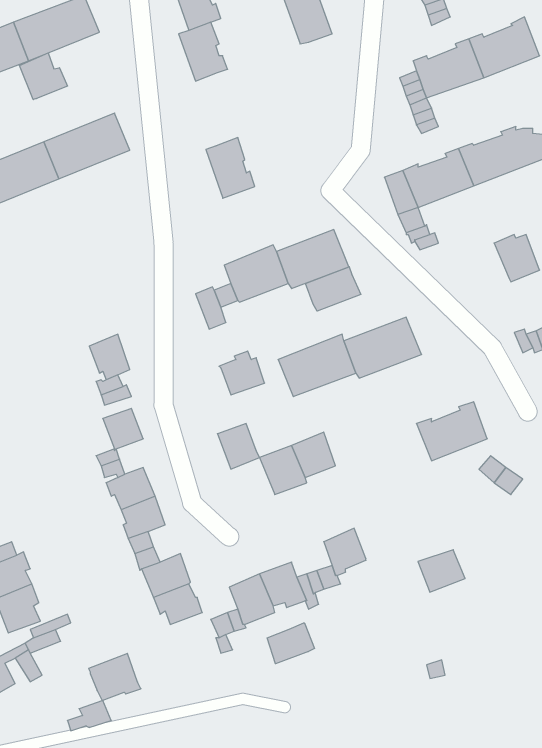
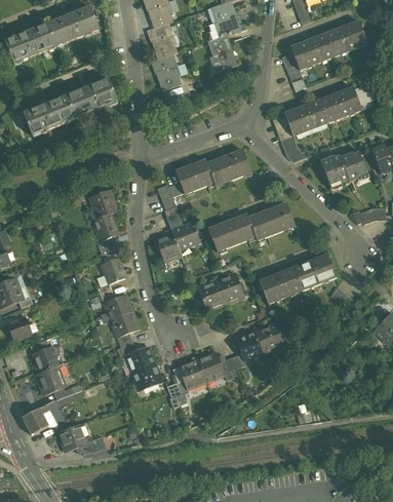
building: none -> [208,35,237,72]
building: [20,53,67,100] -> none
building: [206,138,255,198] -> [152,53,182,90]
building: none -> [320,155,349,186]
building: [305,267,361,311] -> none
building: none -> [91,189,117,218]
building: [217,424,260,469] -> [156,233,182,261]
building: none -> [259,267,302,303]
building: [418,550,465,592] -> [254,323,283,349]
building: [267,623,315,664] -> none
building: [89,653,141,701] -> [57,423,89,452]

